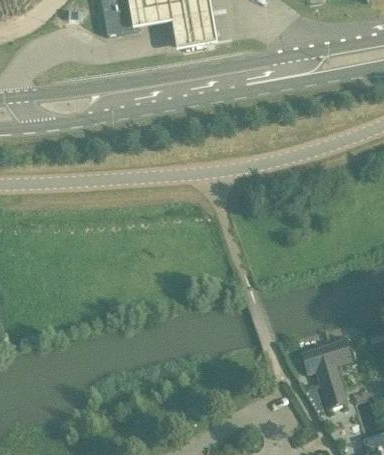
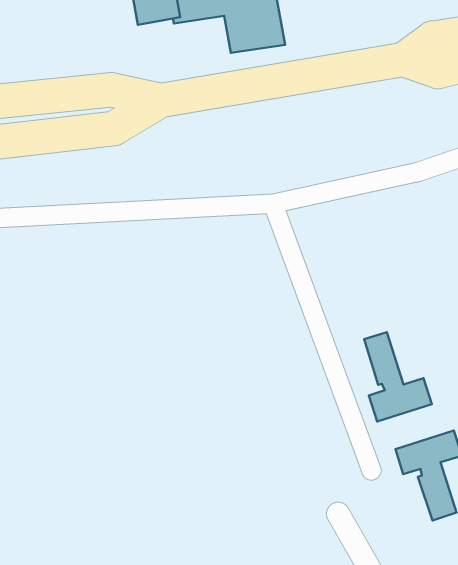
building: none -> [364,332,432,422]

